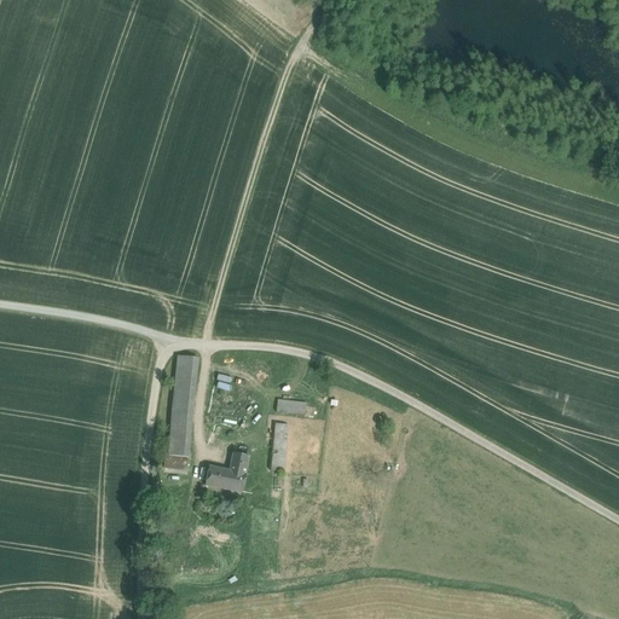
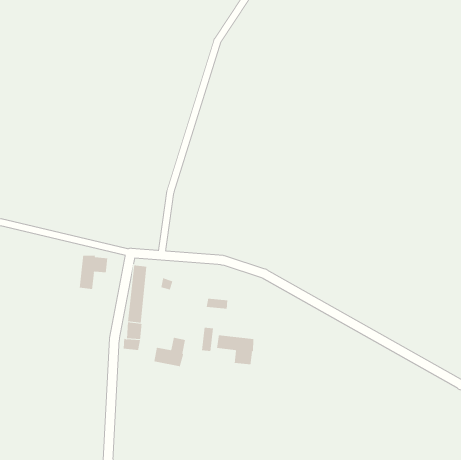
building: none -> [79,255,108,290]
building: none -> [217,335,254,365]

